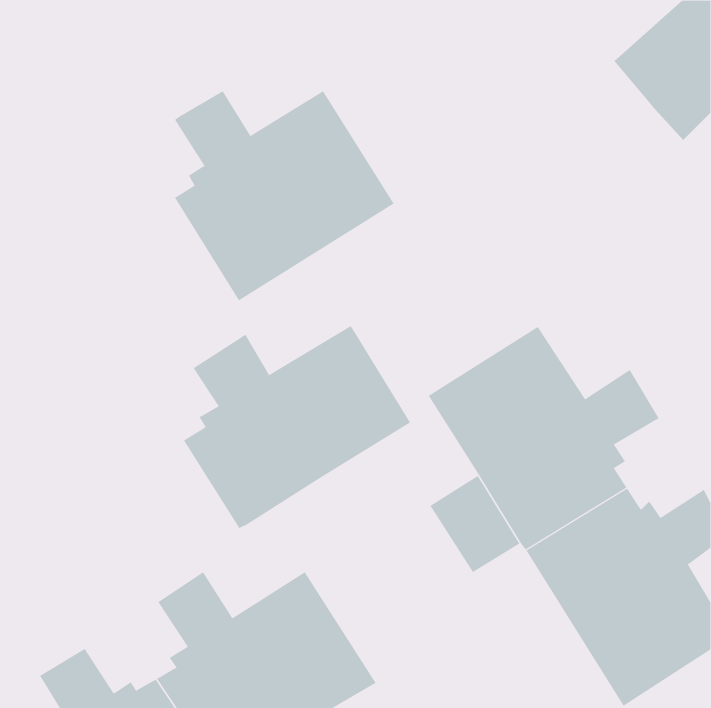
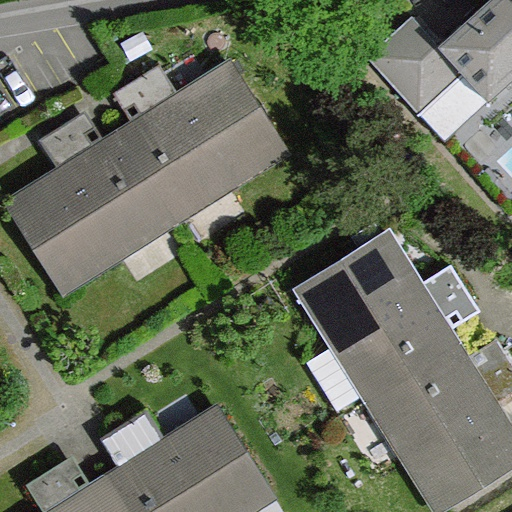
building: none -> [370,21,467,120]
building: none -> [11,123,171,288]
building: [183,325,411,529] -> none

